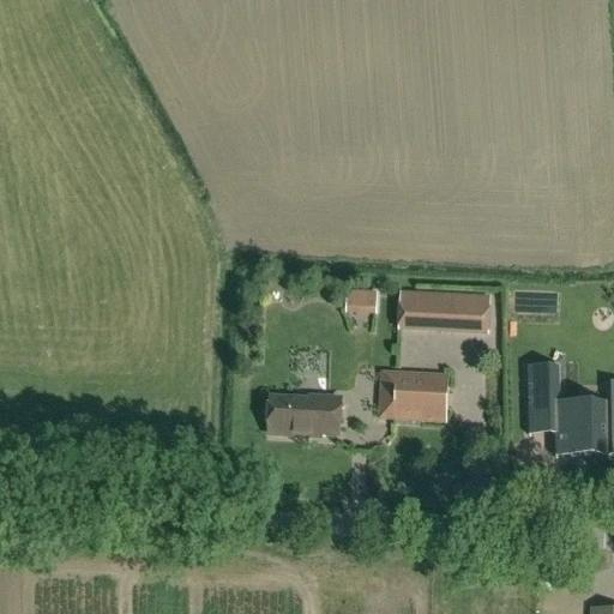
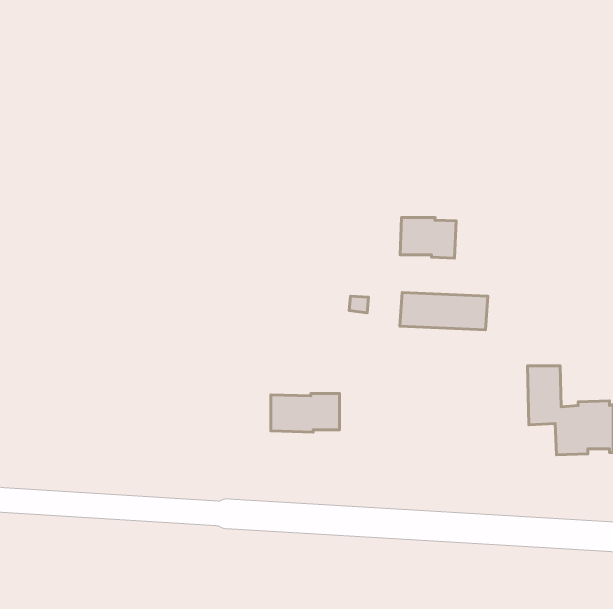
building: none -> [400,217,456,258]
building: [393,368,446,417] -> none

